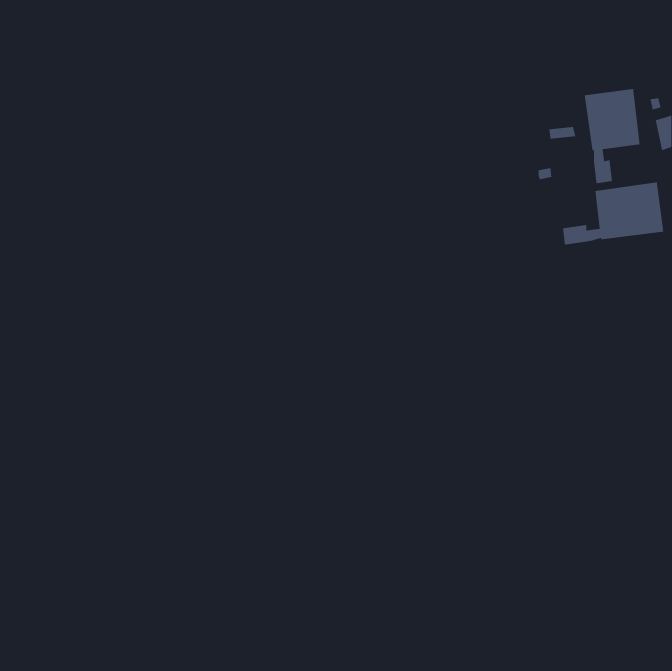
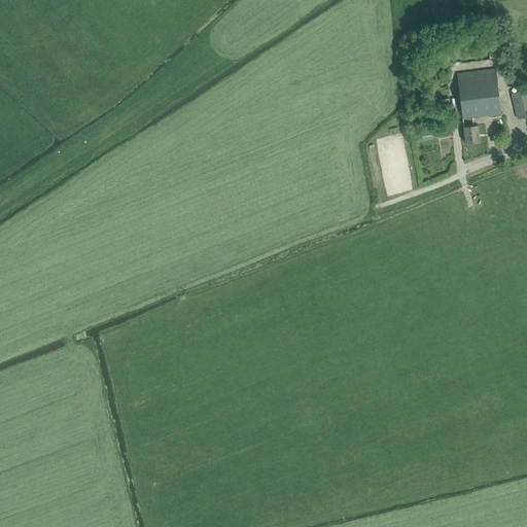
building: [562,181,664,245] -> none

